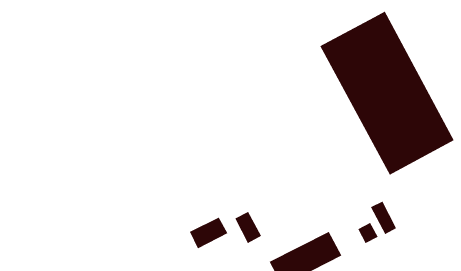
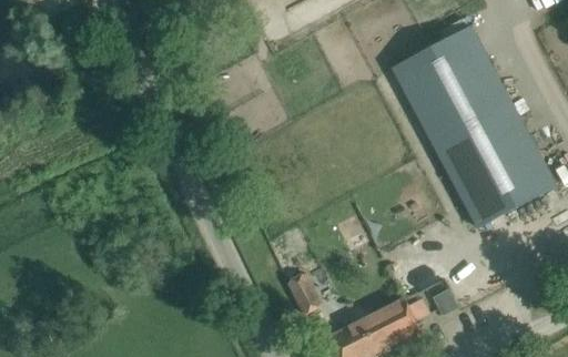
building: [370,201,397,235] -> none
building: [189,216,228,250] -> none

